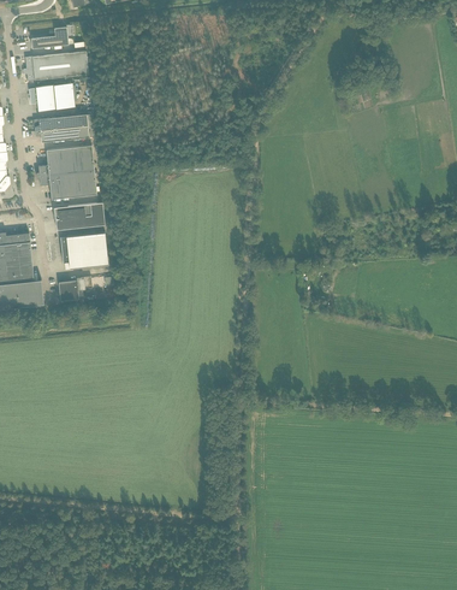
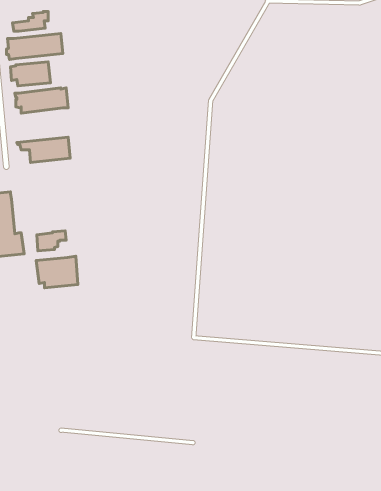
building: [35,144,94,176] -> none
building: [52,202,103,229] -> none
building: [59,231,107,267] -> [36,256,78,288]

